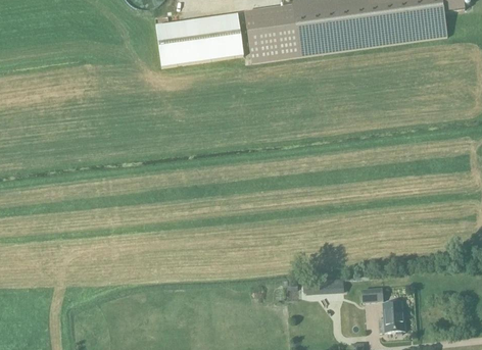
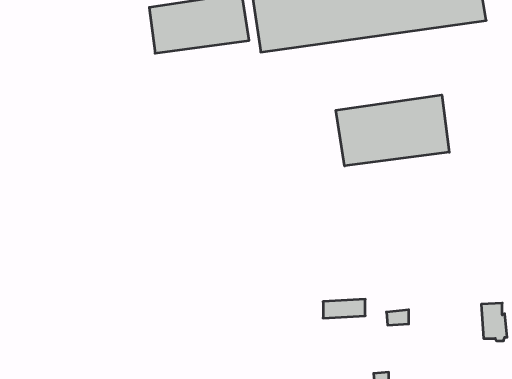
building: none -> [336,95,449,166]
building: [384,301,406,334] -> [481,303,507,341]

